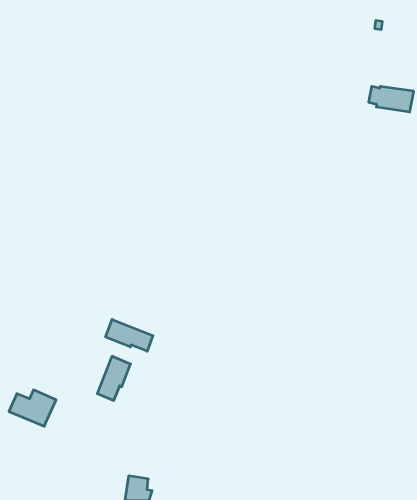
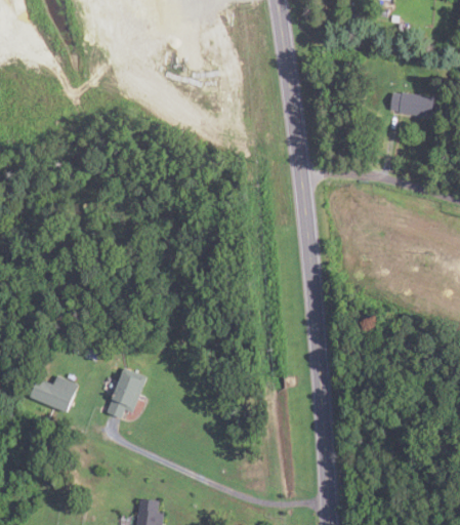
building: [106,319,153,351] -> none
building: [9,390,56,426] -> [30,374,79,412]

